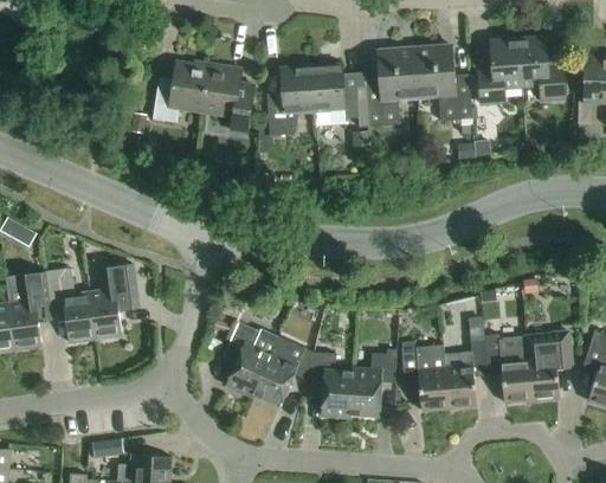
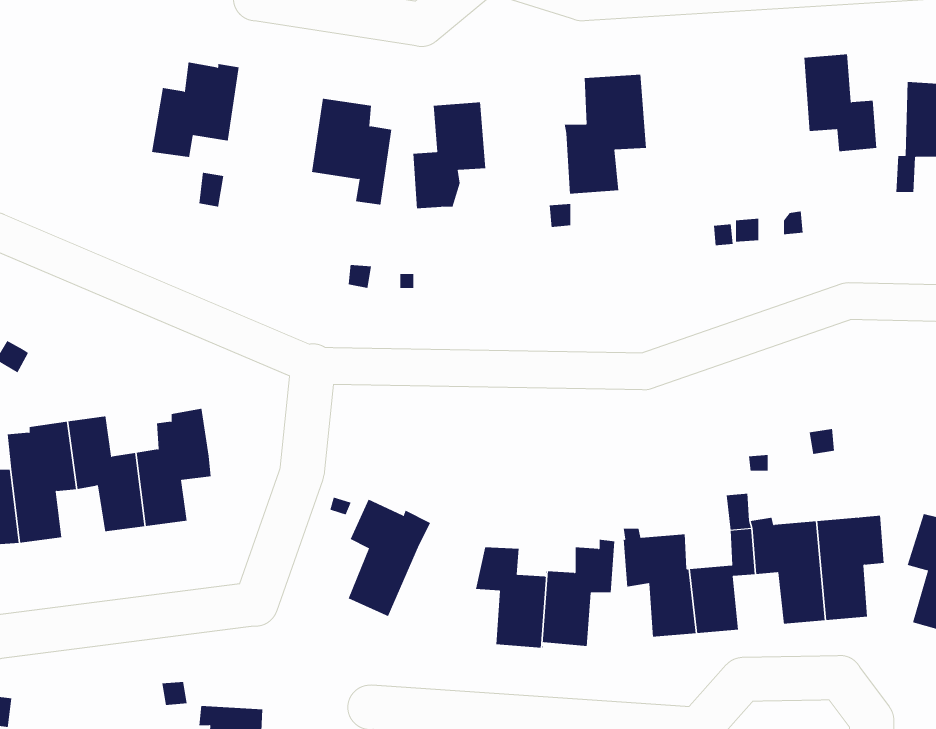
building: [477,38,521,103] -> none
building: [413,46,471,121] -> none
building: [152,60,208,122] -> [151,62,240,158]
building: [310,64,367,127] -> none
building: [251,336,312,405] -> none

